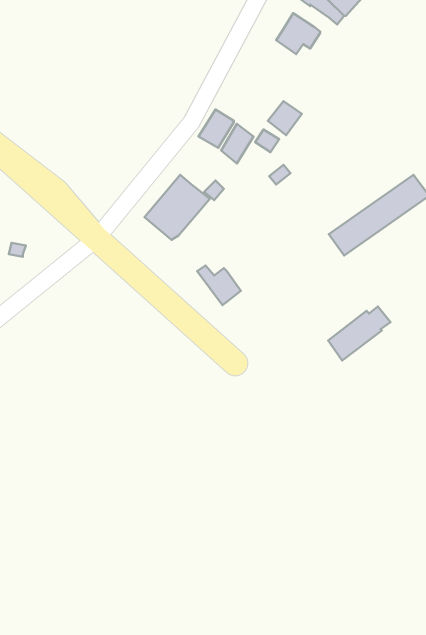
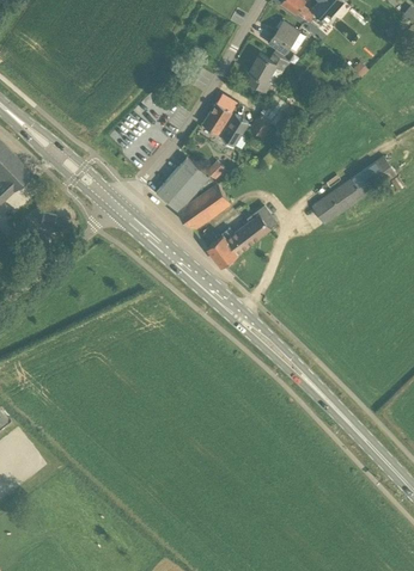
building: none -> [248,51,290,92]
building: none -> [177,183,231,231]
building: [328,307,390,360] -> [225,209,278,254]

